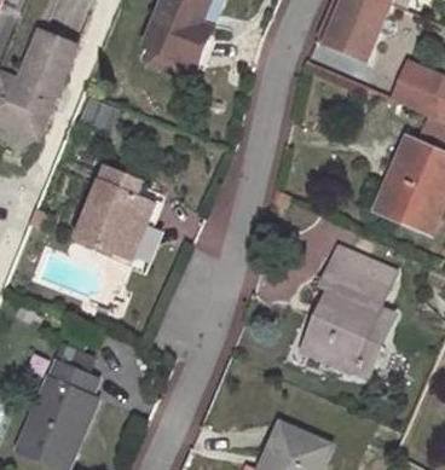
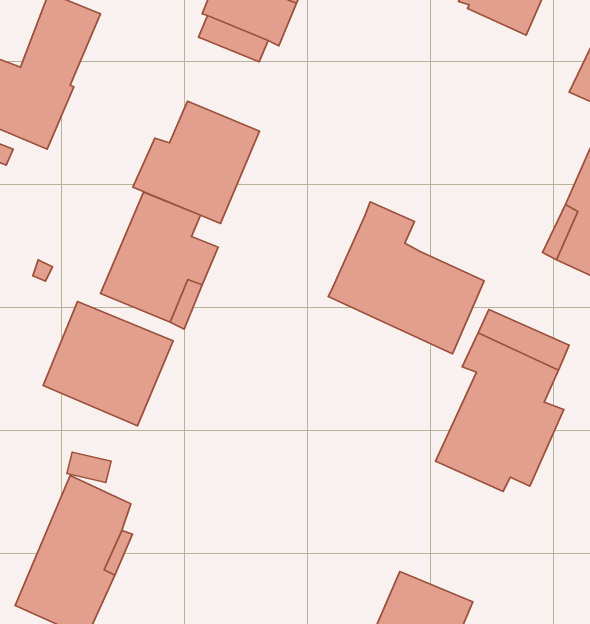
building: none -> [133,101,259,224]
building: none -> [328,202,484,354]
building: none -> [43,301,173,426]

